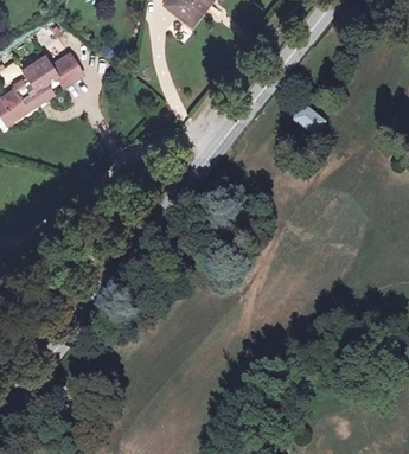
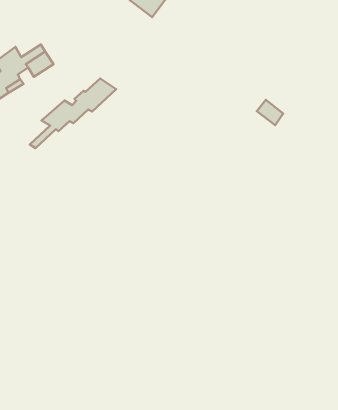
building: none -> [30,78,116,148]

